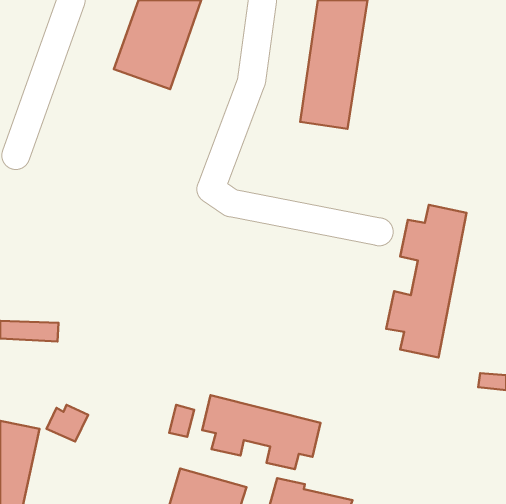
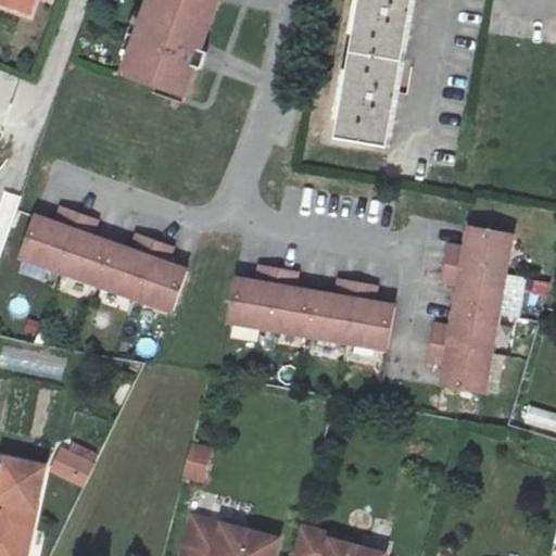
building: none -> [18,203,186,308]
building: none -> [225,263,392,350]
building: [202,395,320,469] -> none

